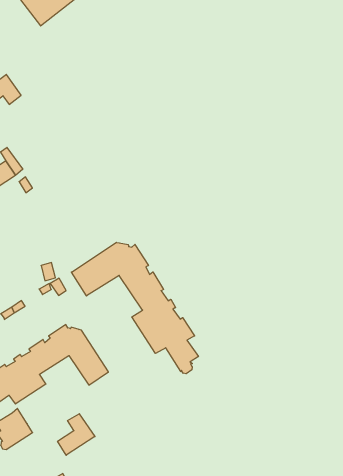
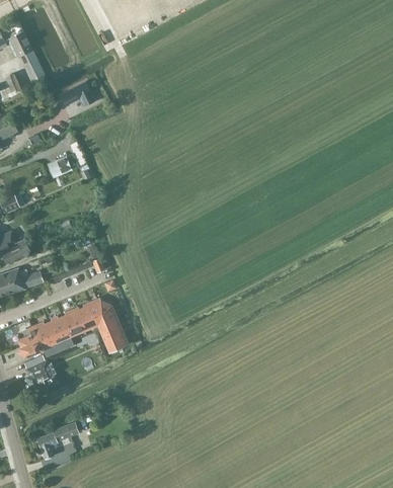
building: [71,242,198,374] -> none
building: [58,414,95,455] -> none

